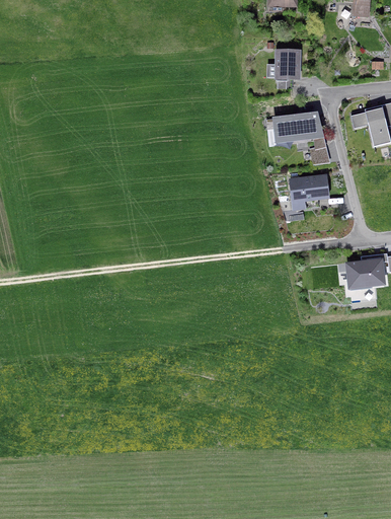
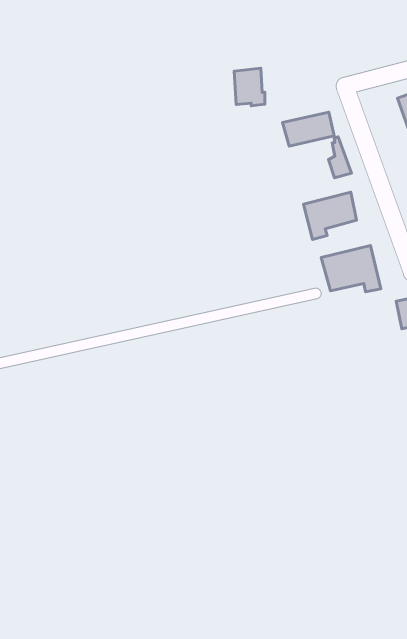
building: [276,52,298,79] -> [234,68,265,106]
building: none -> [321,245,381,292]

